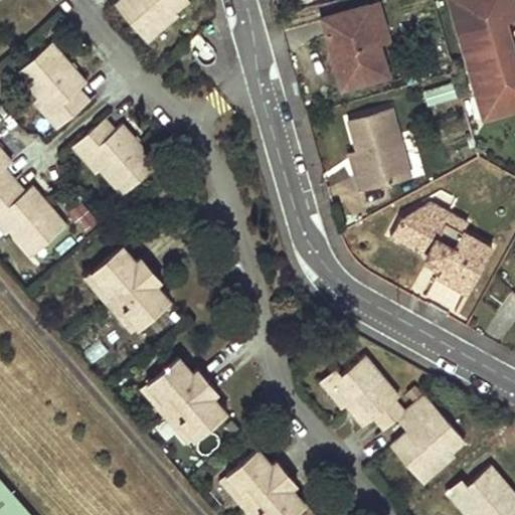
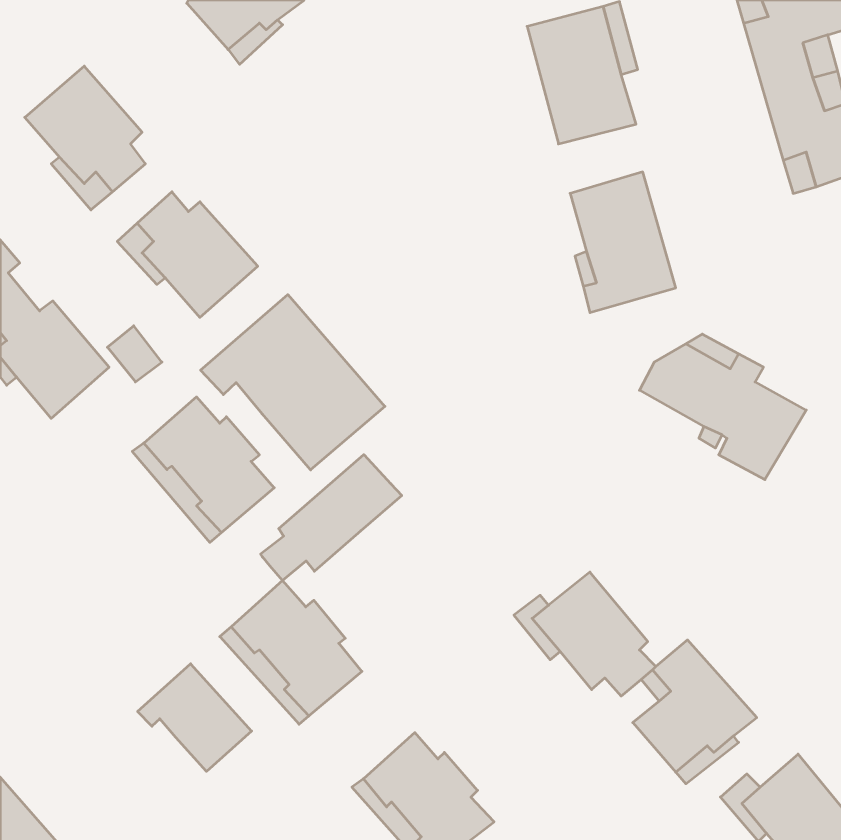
building: none -> [201,295,385,470]
building: none -> [261,455,402,580]
building: none -> [138,664,252,771]

